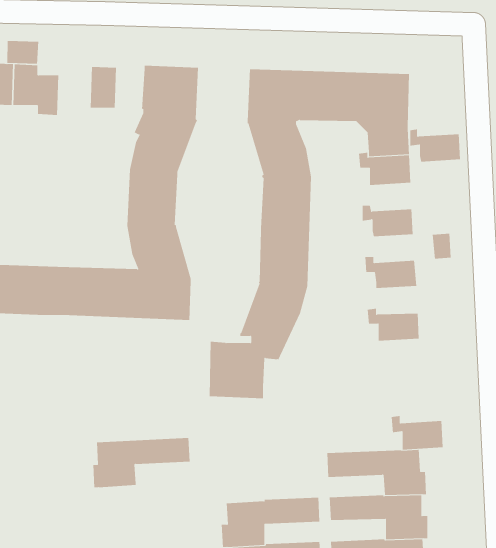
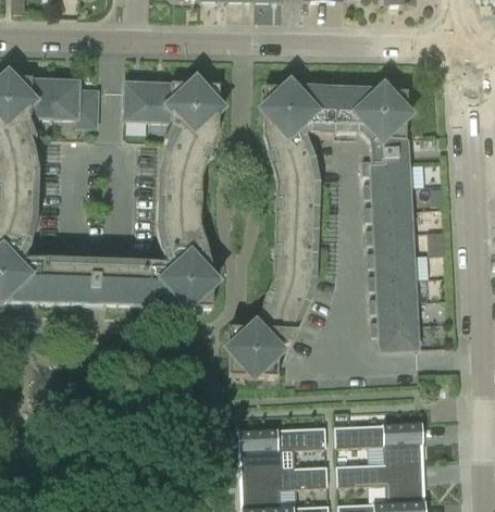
building: [7,40,39,65] -> none
building: none -> [147,84,172,121]
building: [409,129,461,162] -> [364,182,410,211]
building: none -> [367,228,412,257]
building: none -> [369,274,416,302]
building: [391,416,444,450] -> [371,320,418,350]
building: [92,437,190,488] -> [239,425,326,470]

